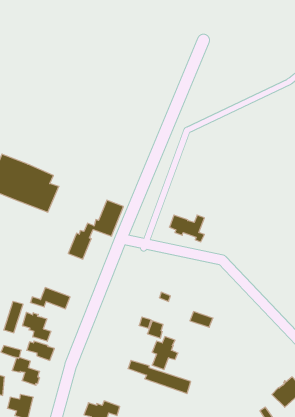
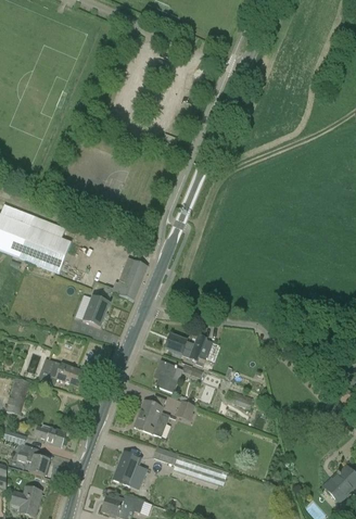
building: [169,215,204,242] -> [165,334,206,366]
building: none -> [155,360,178,393]
building: [23,312,51,341] -> none
building: [152,337,178,370] -> [139,395,169,434]
building: none -> [113,452,142,486]

